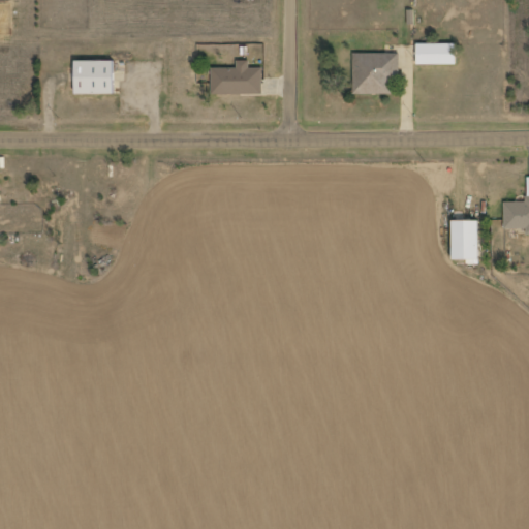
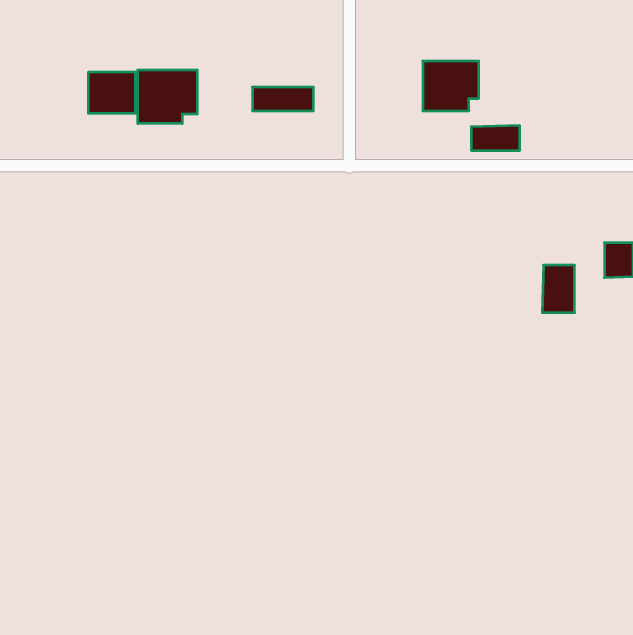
building: [414,41,455,62] -> [471,126,520,150]
building: none -> [138,70,197,124]

